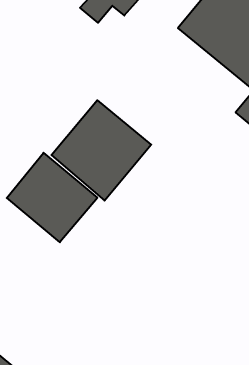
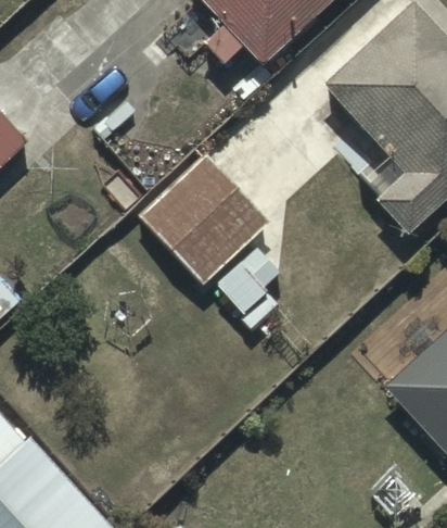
building: [7,153,97,242] -> none

